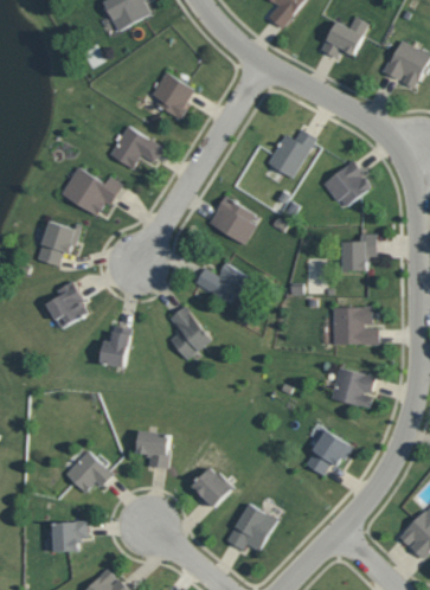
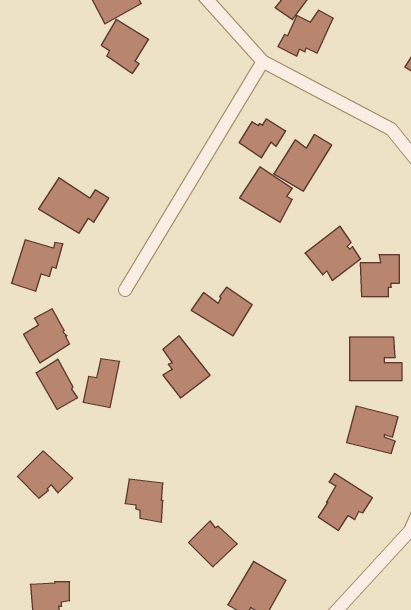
building: [319,18,367,58] -> [278,10,333,56]
building: [152,72,193,120] -> [101,19,149,73]
building: none -> [239,119,286,158]
building: [108,126,161,171] -> none
building: [321,160,370,207] -> [305,226,361,280]
building: [207,197,253,245] -> [240,167,292,222]
building: none -> [36,359,77,409]
building: [64,451,113,493] -> [17,451,73,498]

